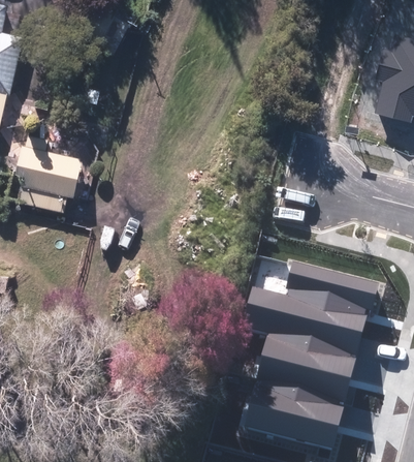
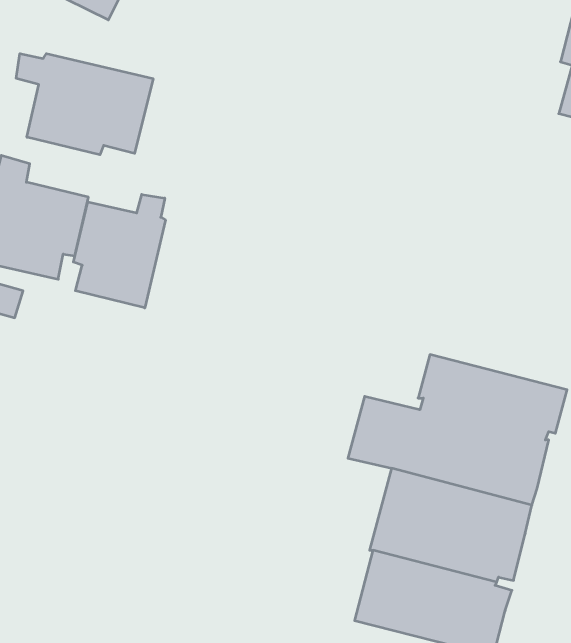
building: none -> [16,54,153,155]
building: none -> [73,194,165,308]

